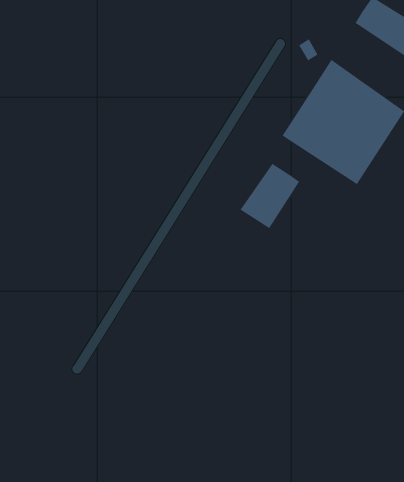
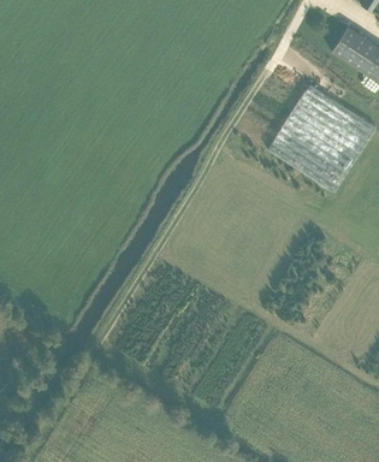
building: [239,163,300,229] -> none

